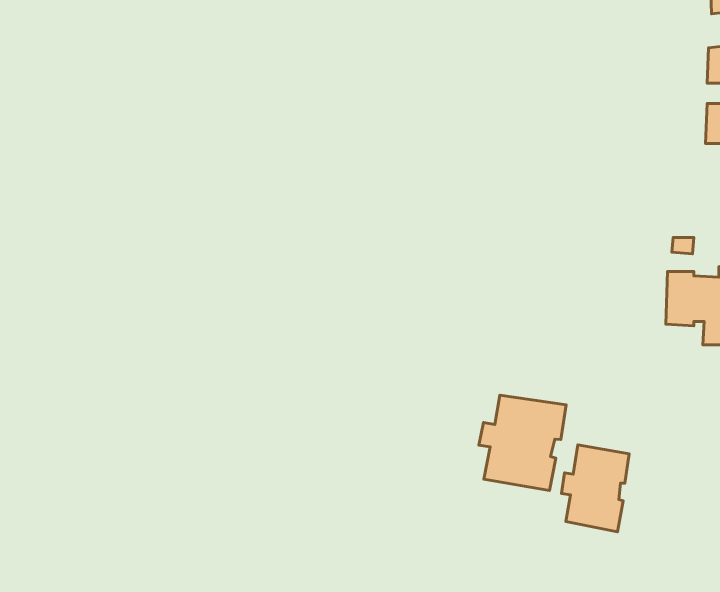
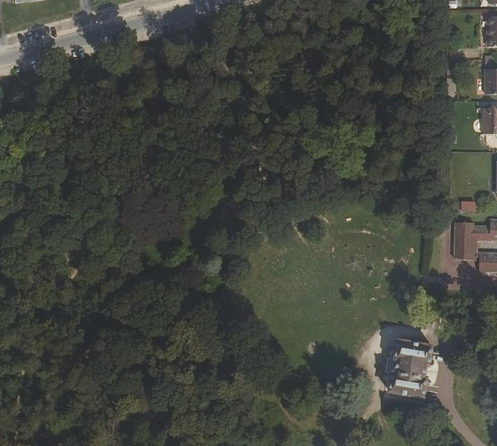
building: [479,395,566,491] -> none

